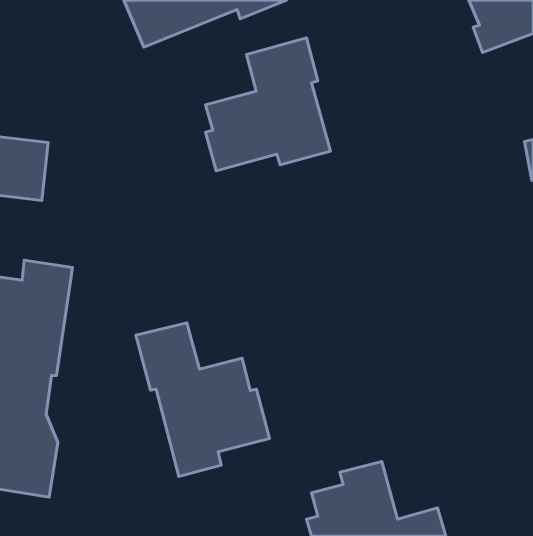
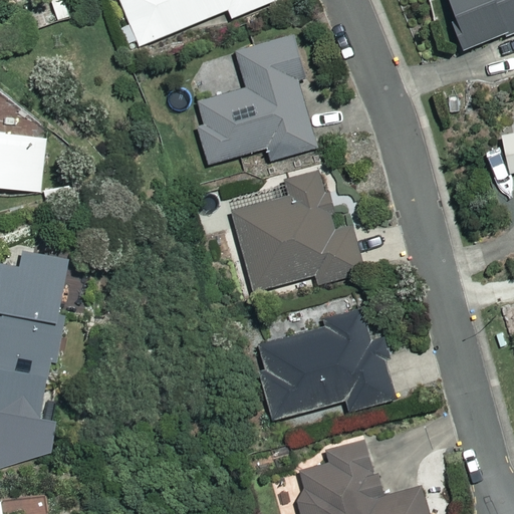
building: none -> [230,171,363,293]
building: [136,323,270,476] -> none
building: none -> [258,309,395,420]

